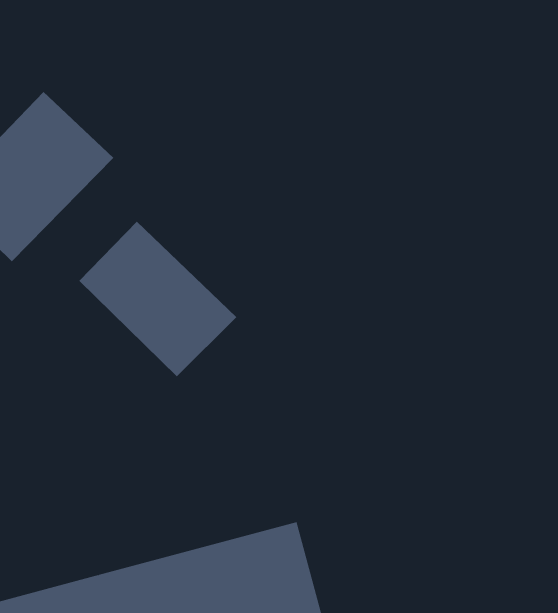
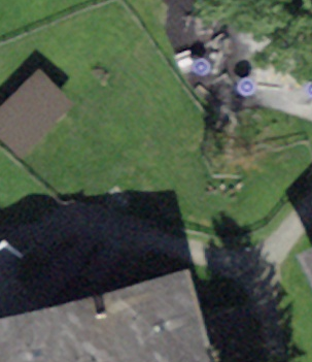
building: [78,221,237,377] -> none

